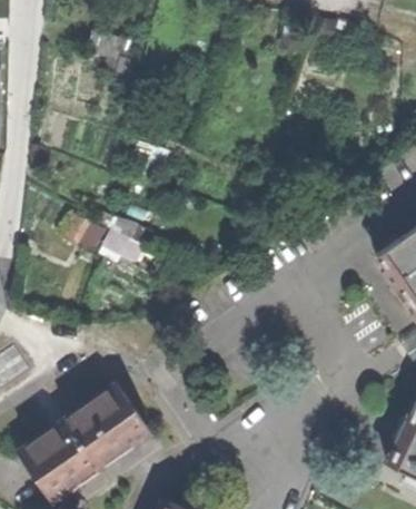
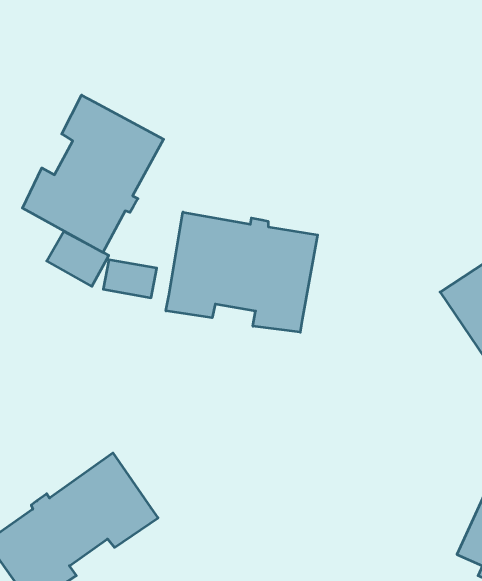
building: none -> [22,95,164,252]
building: none -> [166,212,318,332]

